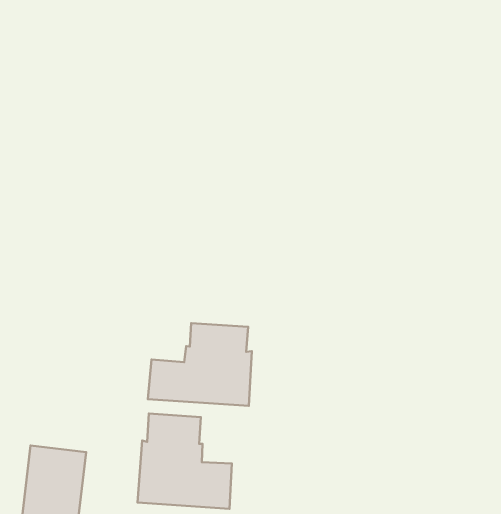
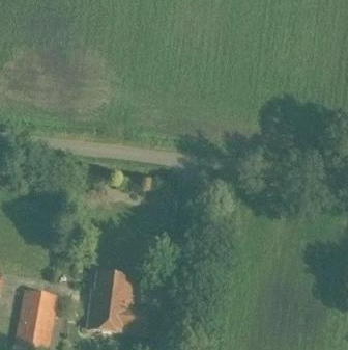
building: [148,323,252,406] -> none

